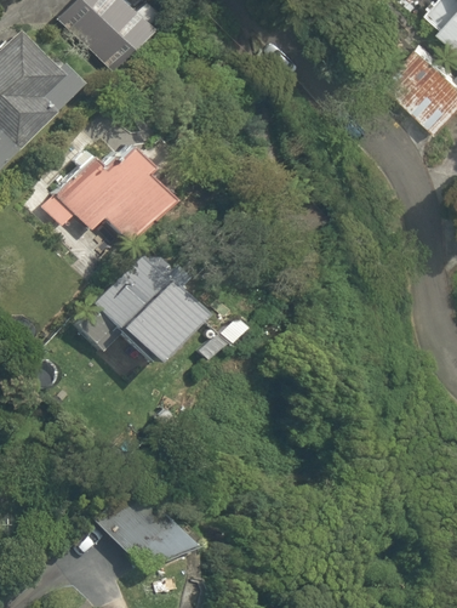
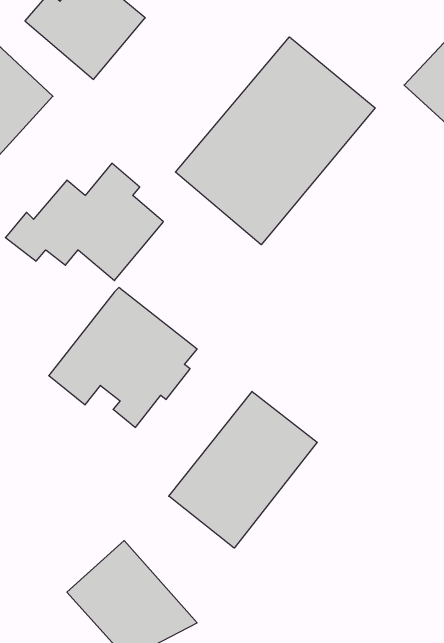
building: none -> [175,37,375,245]
building: none -> [169,391,317,548]

